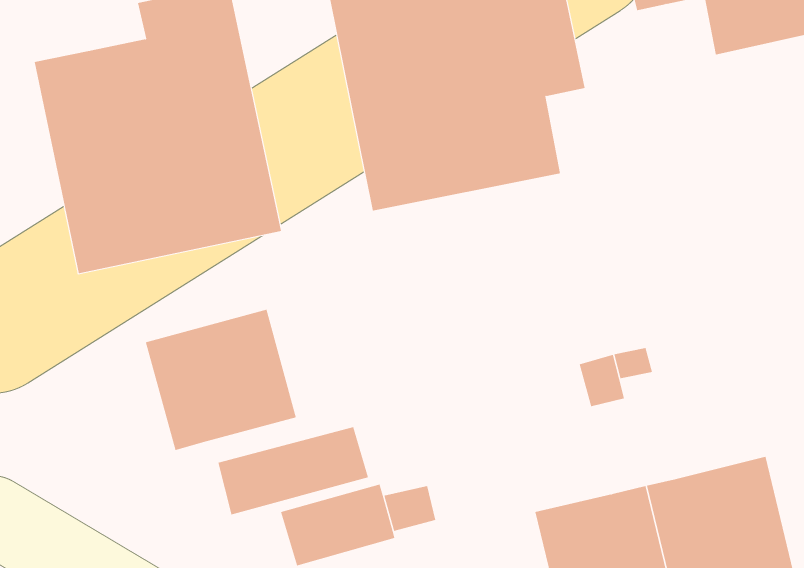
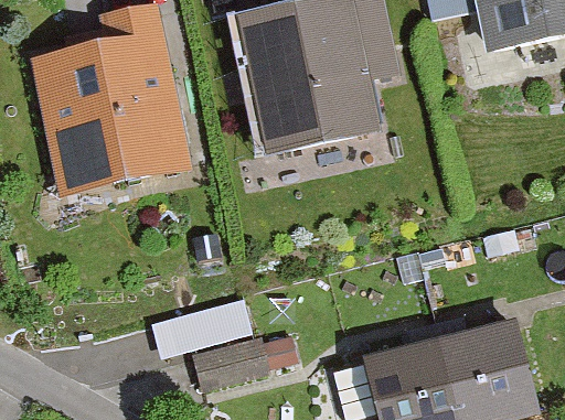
building: [145,309,297,451] -> none

